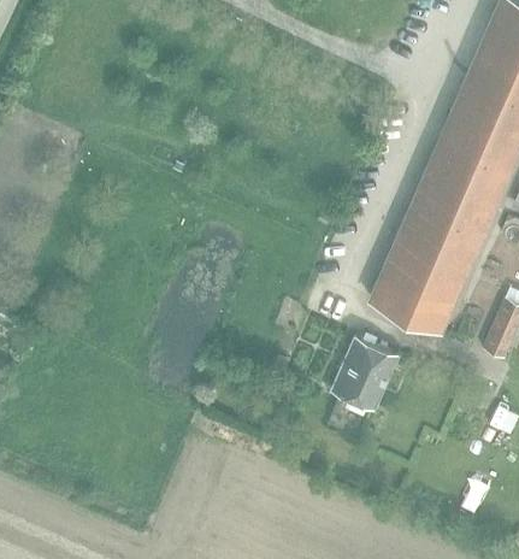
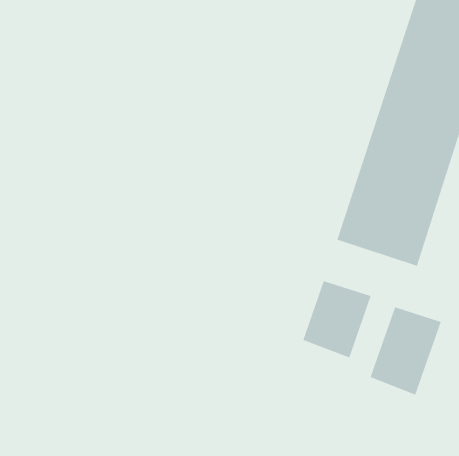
building: none -> [370,307,442,396]

